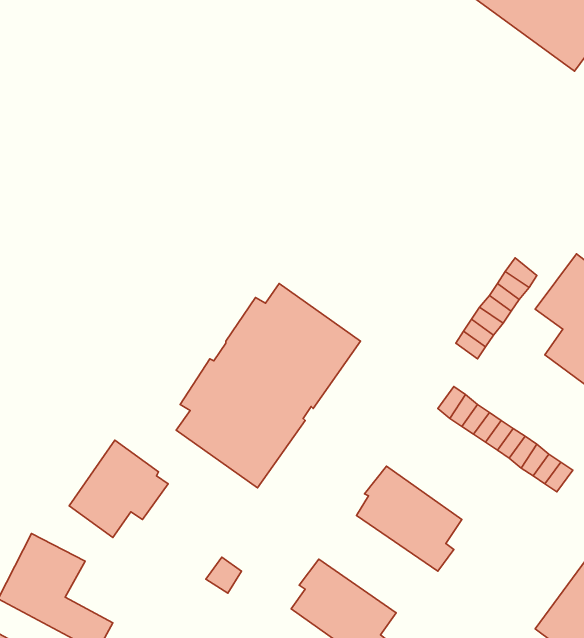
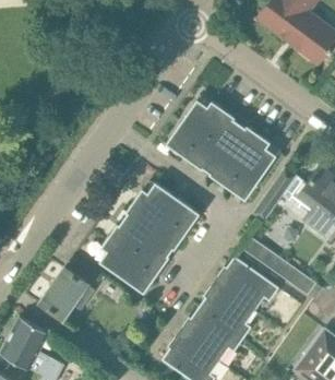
building: none -> [165,99,276,200]
building: none -> [214,257,279,311]
building: none -> [177,309,242,363]

